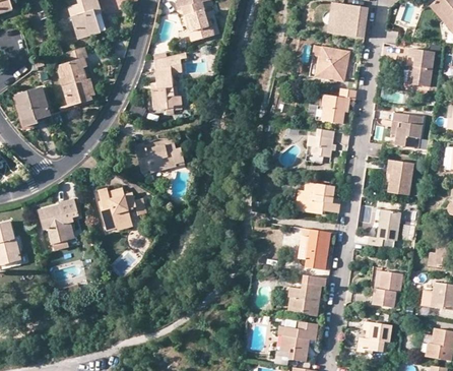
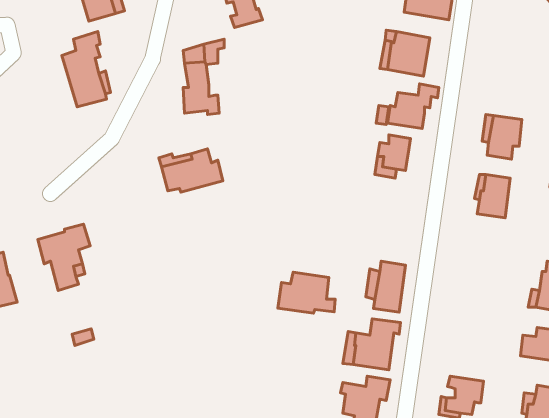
building: [407,48,434,85] -> none
building: [15,87,50,125] -> none
building: [294,181,339,213] -> [278,272,335,313]
building: [96,188,146,231] -> none
building: [367,209,399,246] -> none
building: [370,266,401,307] -> none

